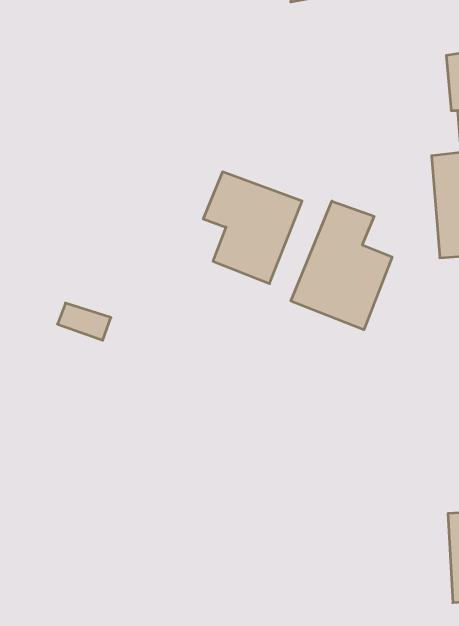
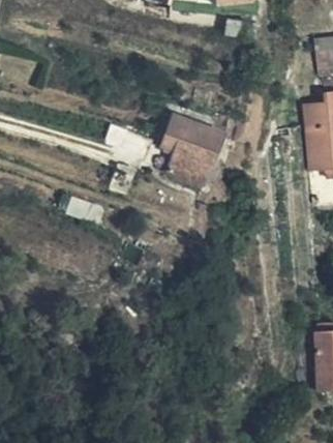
building: [291,201,392,330] -> none

